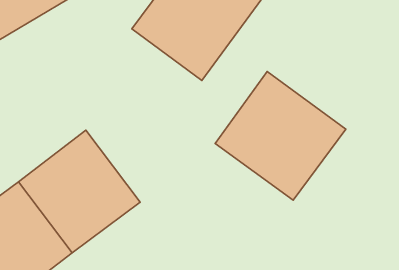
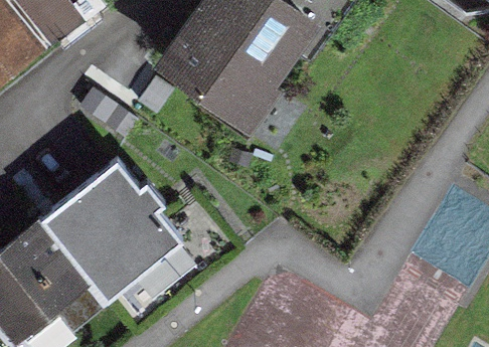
building: [215,71,346,200] -> none

